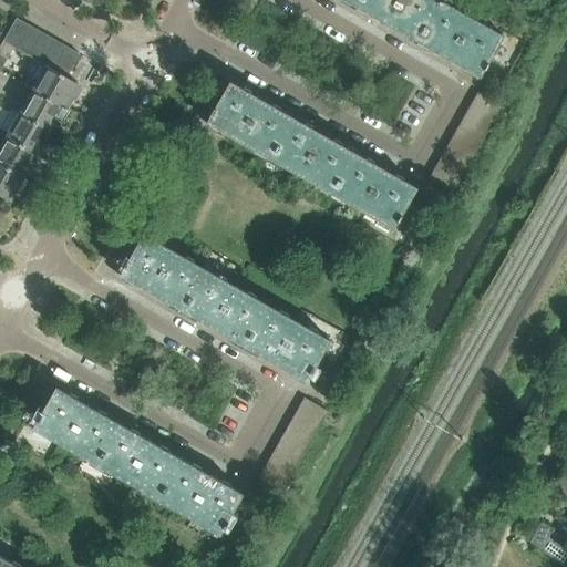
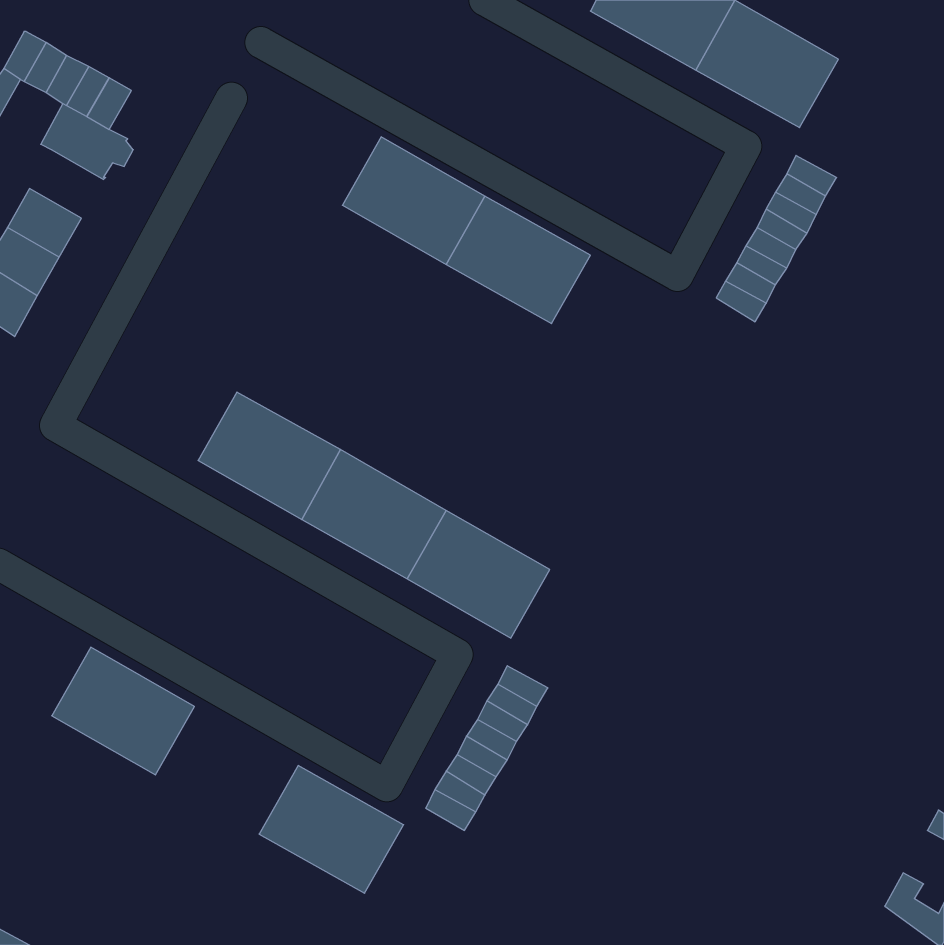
building: [18,90,62,131] -> none
building: [330,153,415,229] -> none
building: [93,423,178,499] -> none

